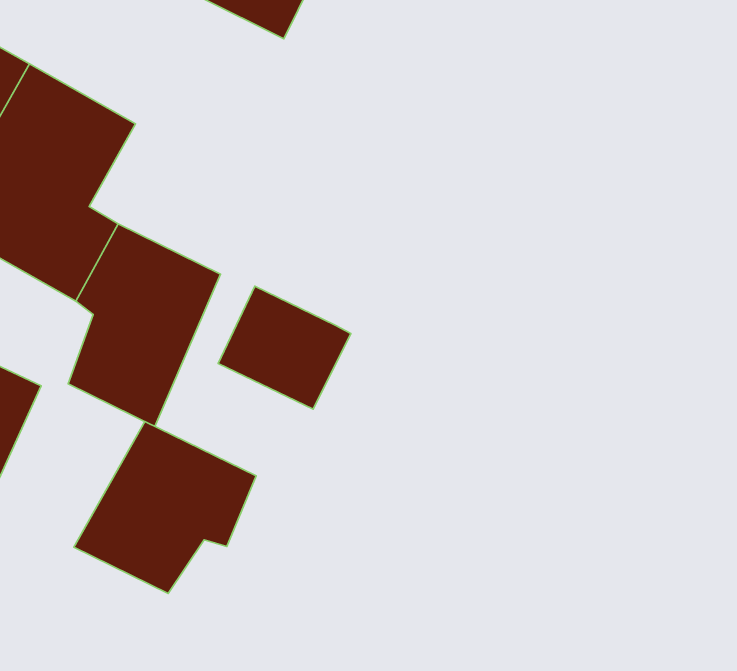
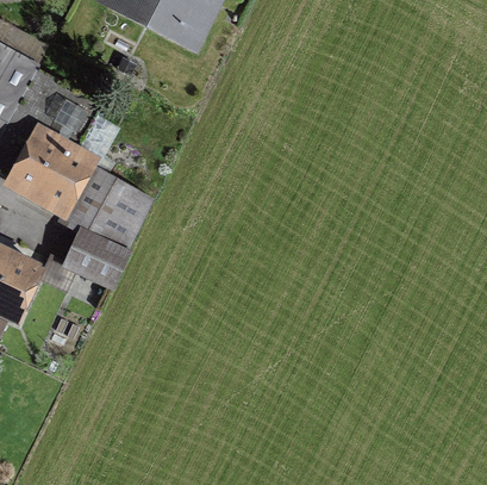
building: [218,286,351,409] -> none
building: [74,422,256,593] -> none

